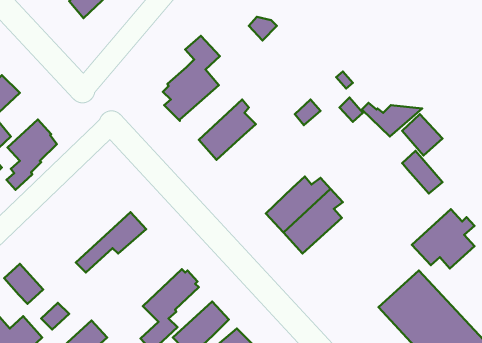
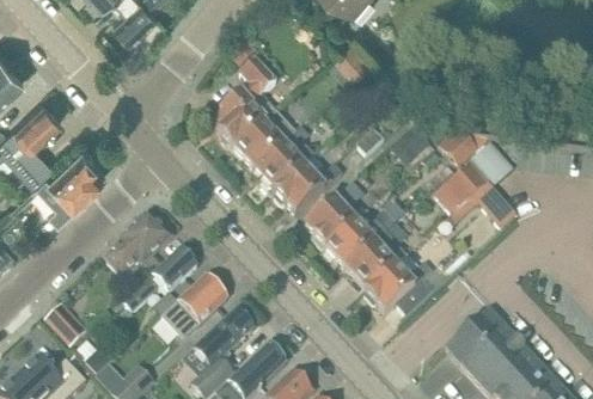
building: none -> [234,109,301,167]
building: none -> [274,161,343,213]
building: none -> [435,162,487,211]
building: none -> [306,180,360,246]
building: none -> [105,211,171,270]
building: [412,209,474,268] -> [366,251,433,314]
building: none -> [163,274,228,338]

